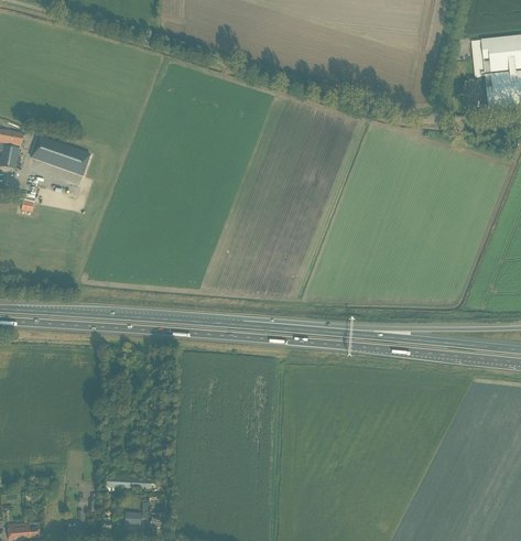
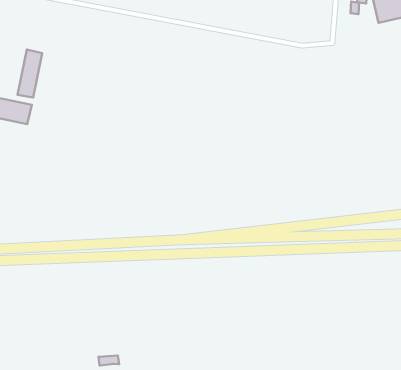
building: none -> [17,50,42,98]

